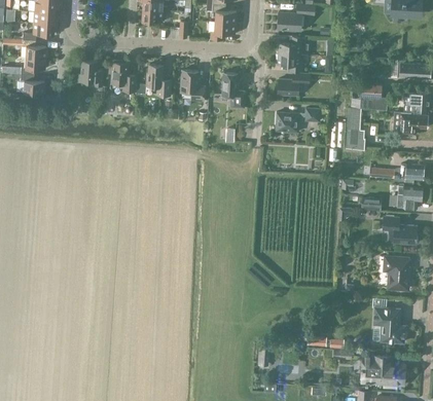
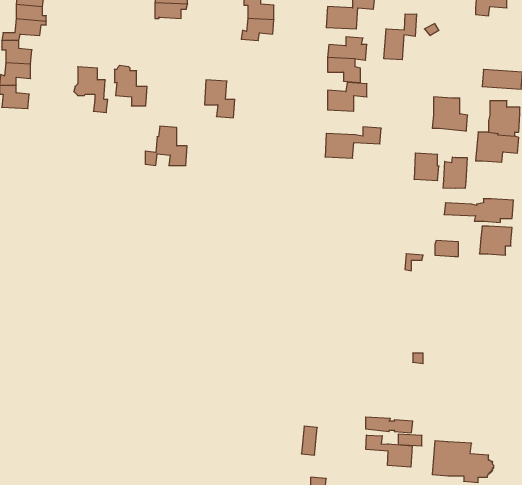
building: none -> [384,14,417,60]
building: [138,65,171,96] -> [145,126,187,165]
building: [222,73,245,108] -> none
building: none -> [443,157,467,188]
building: [383,217,418,245] -> none
building: [384,257,409,290] -> none
building: [373,307,405,342] -> none
building: none -> [366,435,412,467]

